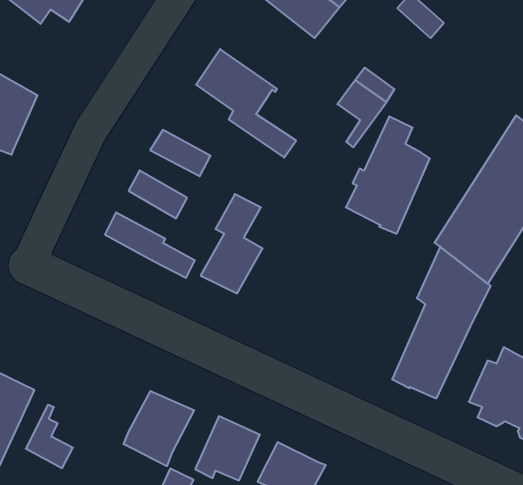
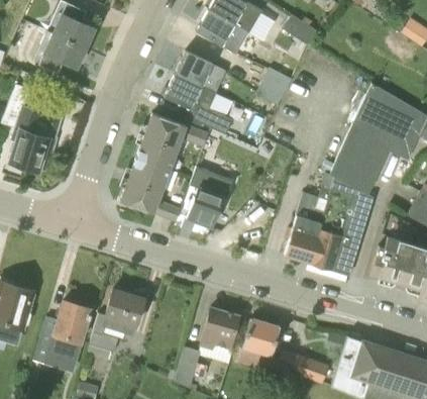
building: none -> [178,51,227,91]
building: none -> [148,112,210,146]
building: [346,116,430,234] -> [285,192,334,267]
building: none -> [137,142,177,170]
building: none -> [126,171,166,198]
building: [123,391,194,466] -> [103,289,145,335]

